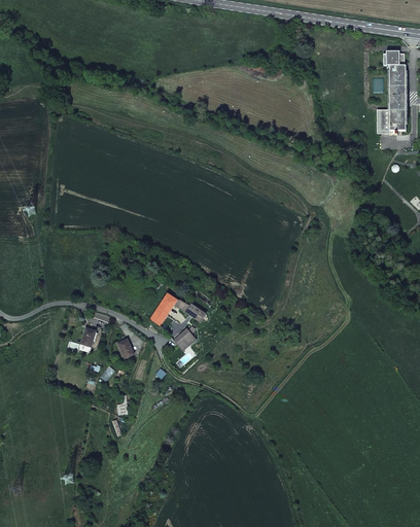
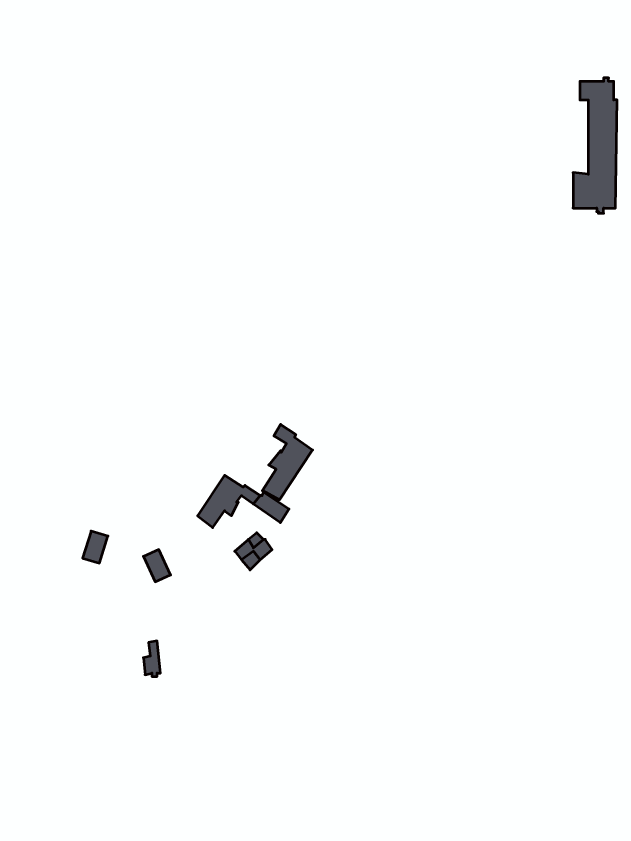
building: none -> [262,424,313,500]

